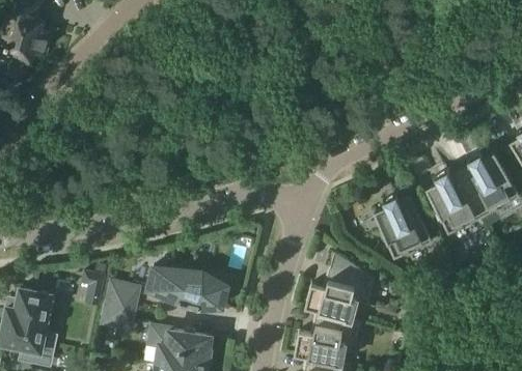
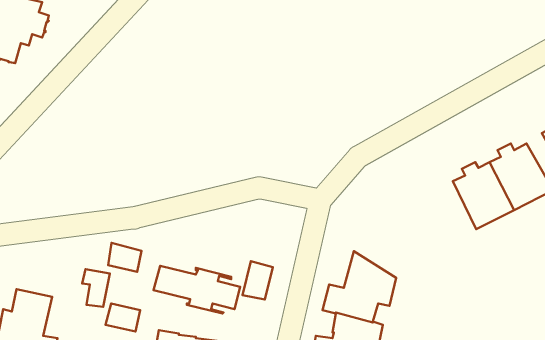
building: [375,195,432,258] -> none
building: none -> [242,261,273,300]
building: [108,281,139,308] -> [108,243,142,272]

